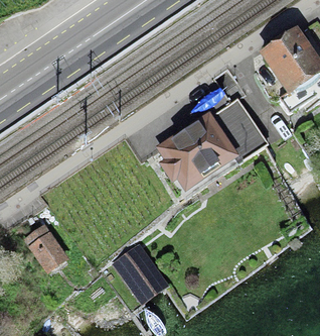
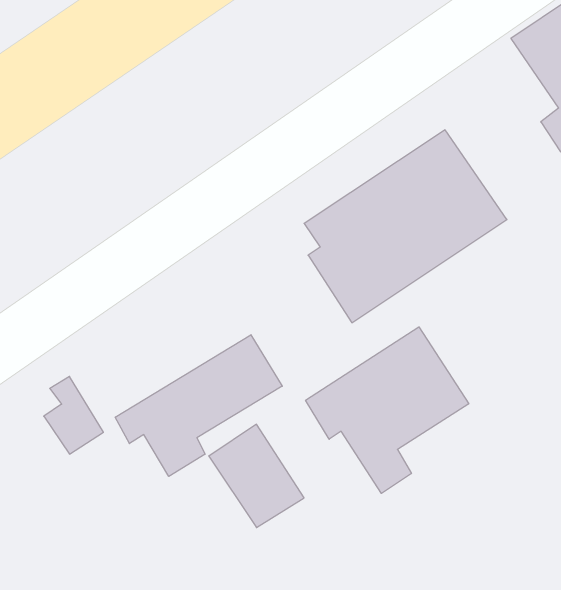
building: none -> [306,327,469,493]
building: none -> [115,335,282,476]

